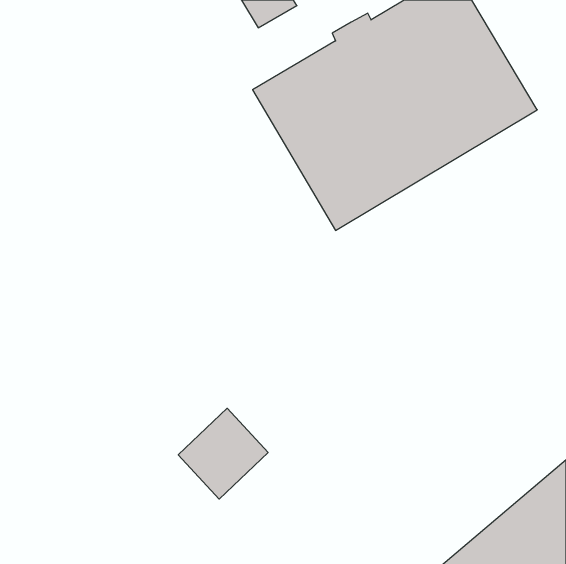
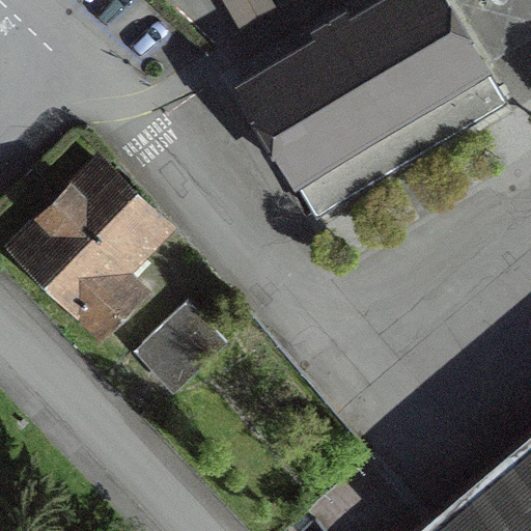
building: none -> [18,167,157,329]
building: [178,408,268,499] -> [140,303,224,388]

